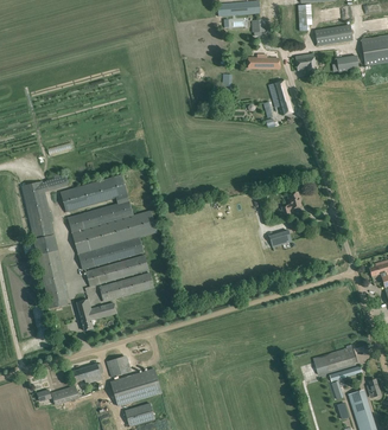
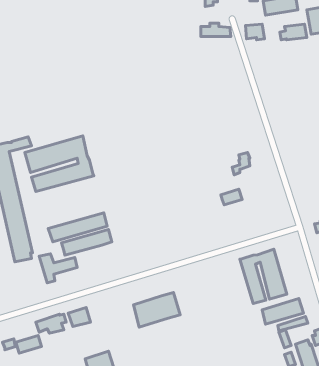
building: [268,79,294,115] -> none
building: [72,210,157,269] -> none
building: none -> [240,249,287,304]
building: [112,368,161,405] -> [134,293,180,327]

